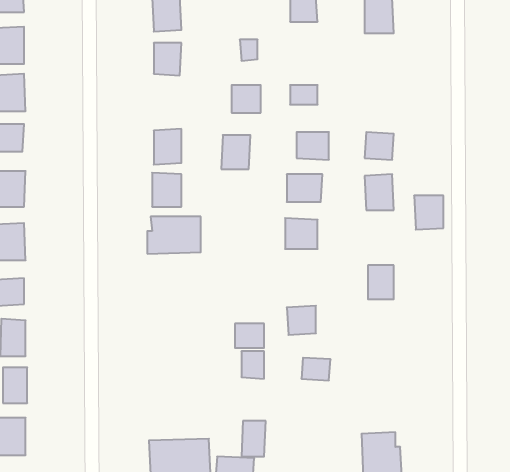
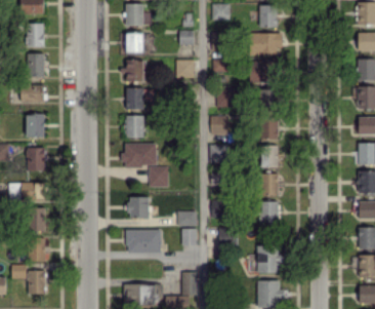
building: none -> [250,33,281,54]
building: none -> [249,61,274,83]
building: [221,135,250,169] -> [125,60,143,81]
building: [414,196,443,230] -> [259,146,278,167]
building: none -> [149,166,168,187]
building: none -> [128,196,149,219]
building: none -> [258,201,280,225]
building: none -> [126,229,160,253]
building: none -> [256,245,284,273]

